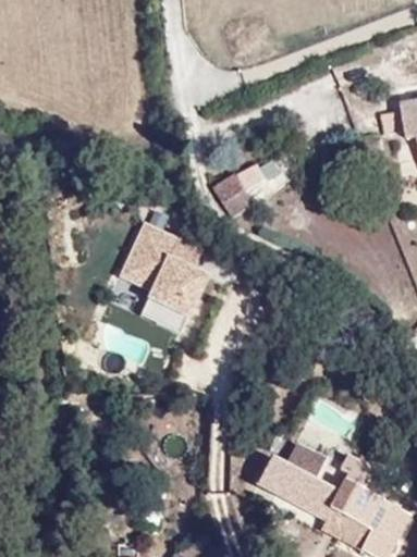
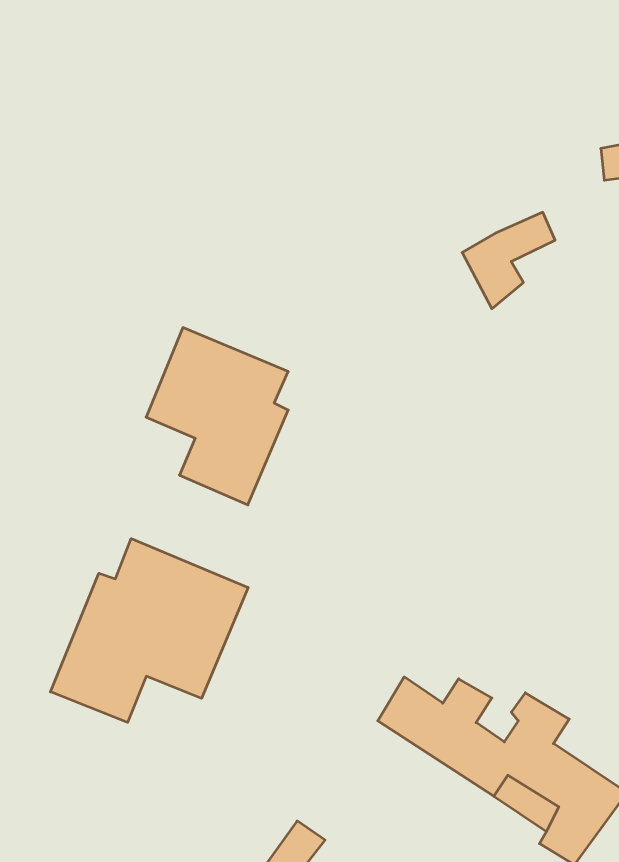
building: [218,165,275,225] -> [462,212,555,309]
building: none -> [50,539,248,722]

